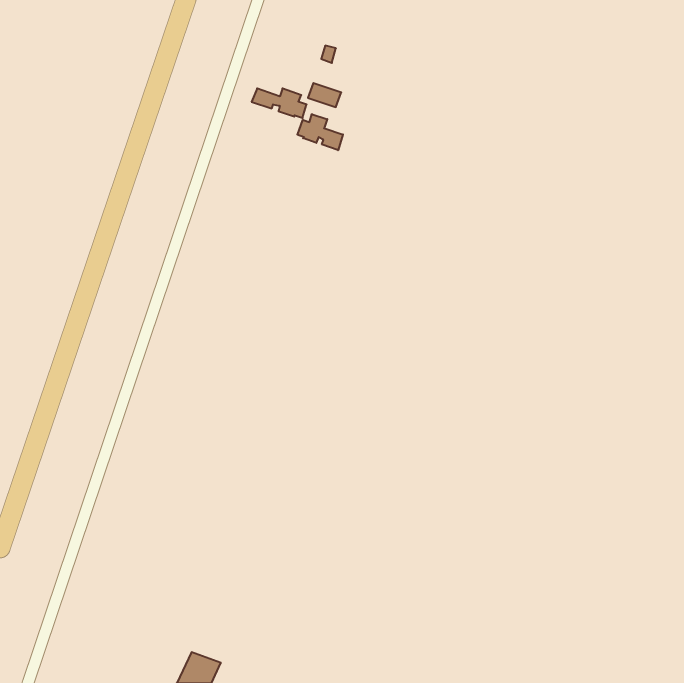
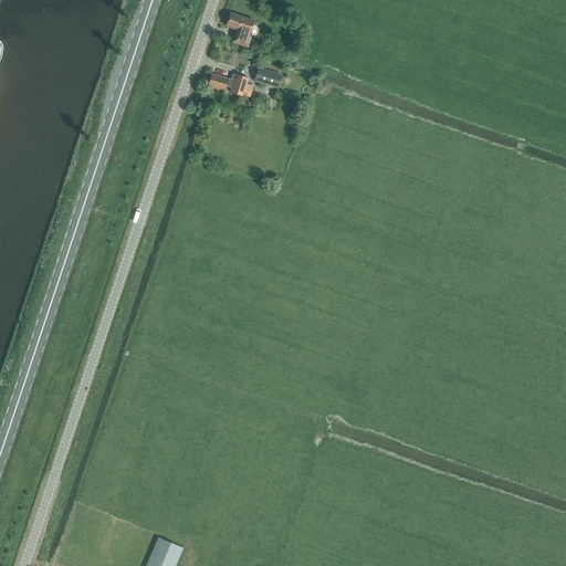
building: none -> [227,12,254,46]
building: [297,114,343,150] -> none

